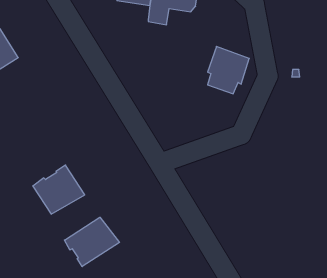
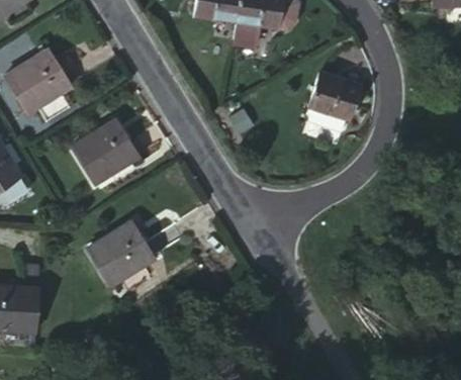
building: none -> [74,120,137,183]
building: [64,217,119,267] -> none

